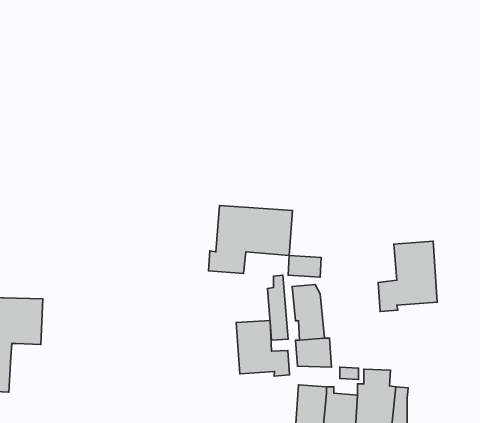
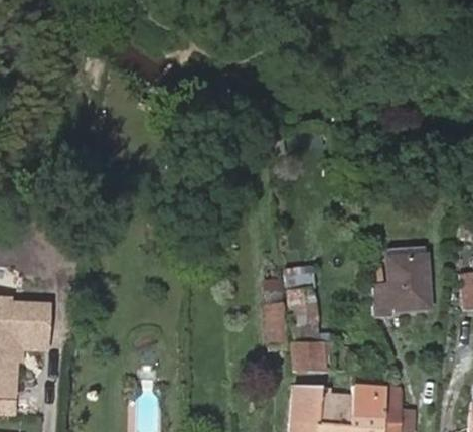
building: [209,206,293,273] -> none
building: [236,321,289,376] -> none

